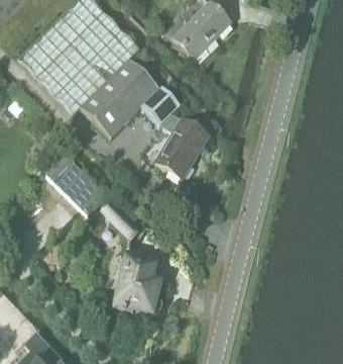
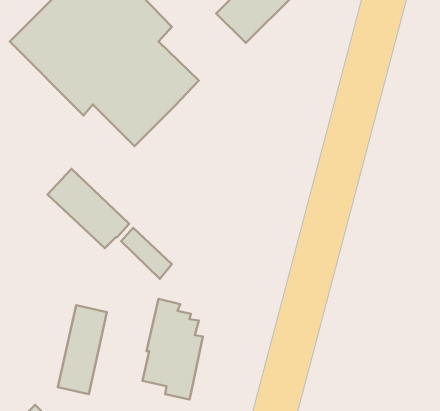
building: [141,86,209,179] -> none
building: none -> [58,305,107,394]

